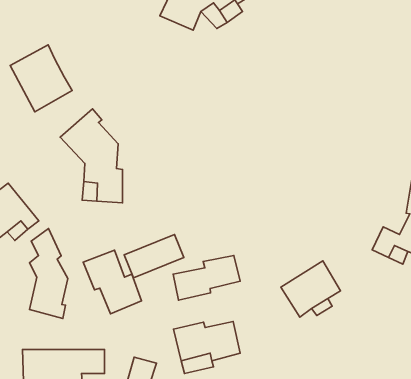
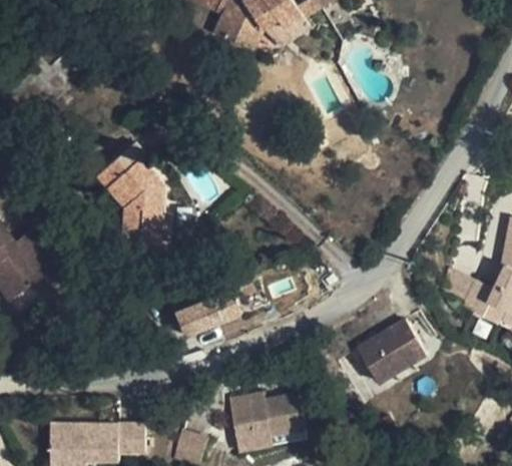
building: [10,45,72,112] -> none
building: [30,228,68,318] -> none
building: [83,250,141,314] -> none
building: [173,255,240,300] -> none

